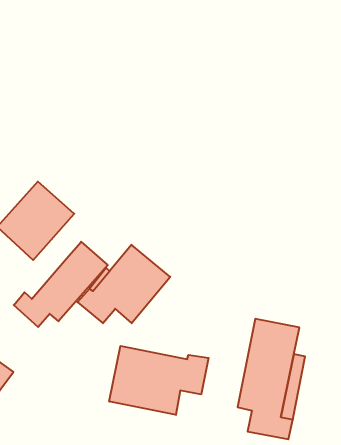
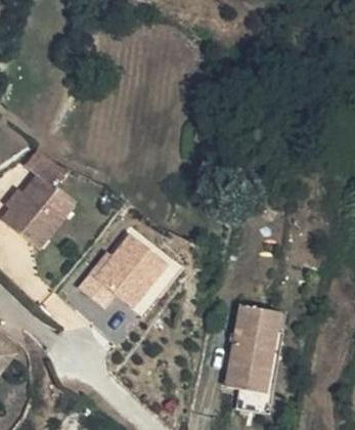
building: [14,242,108,327] -> none
building: [109,346,209,415] -> none

